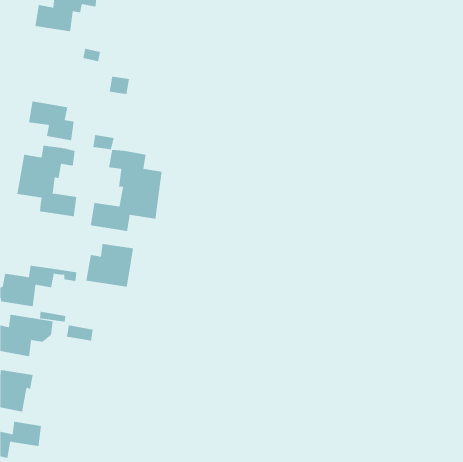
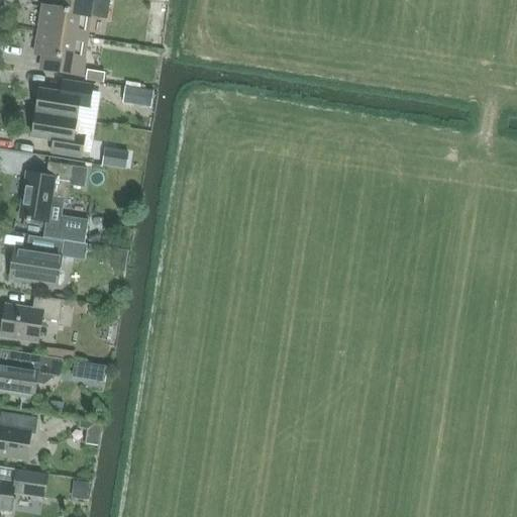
building: none -> [35,29,83,75]
building: none -> [35,80,92,119]
building: [90,149,162,232] -> none
building: [86,244,134,287] -> [9,235,63,284]

